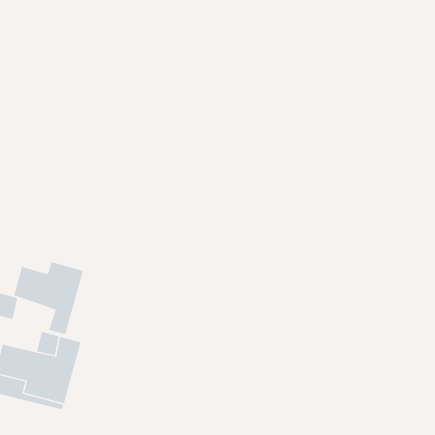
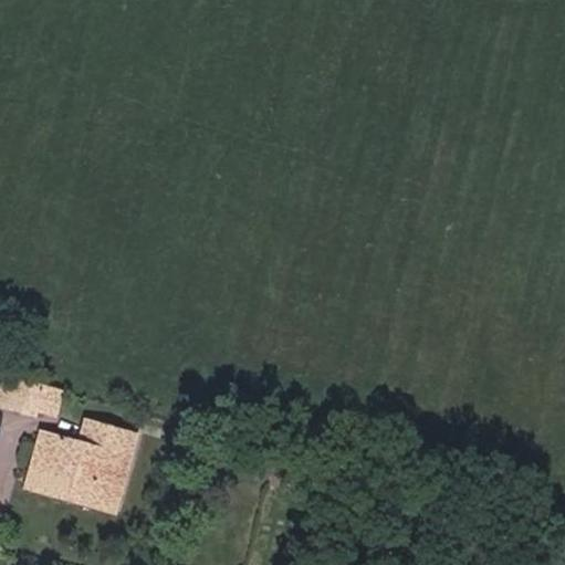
building: [13,261,84,335] -> none

